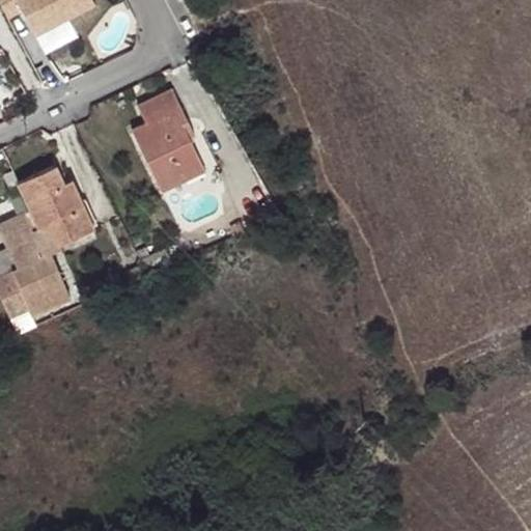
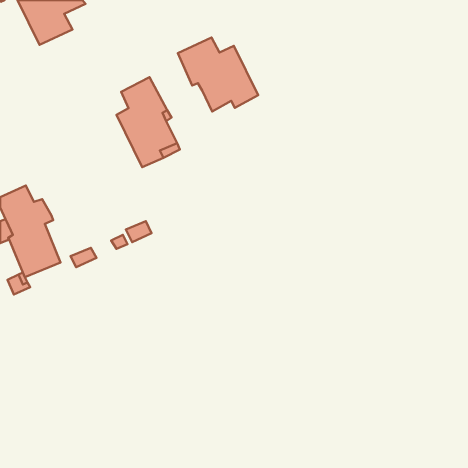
building: none -> [178,37,258,112]
building: [18,167,92,245] -> none

